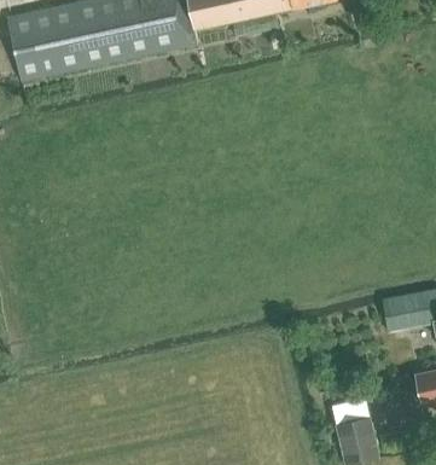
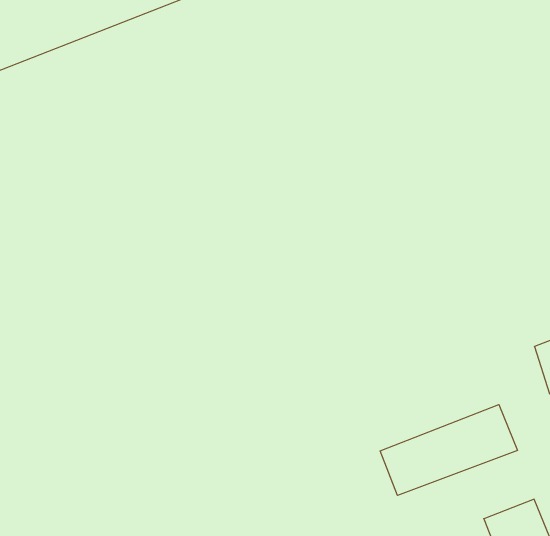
building: none -> [380,405,517,495]

